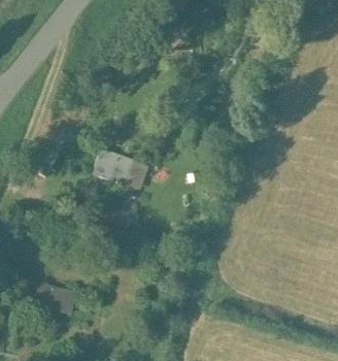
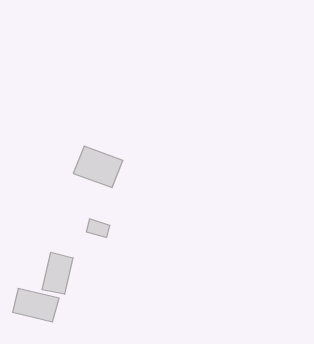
building: none -> [42,252,73,294]

